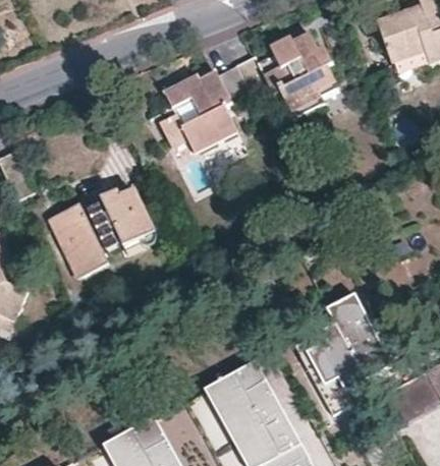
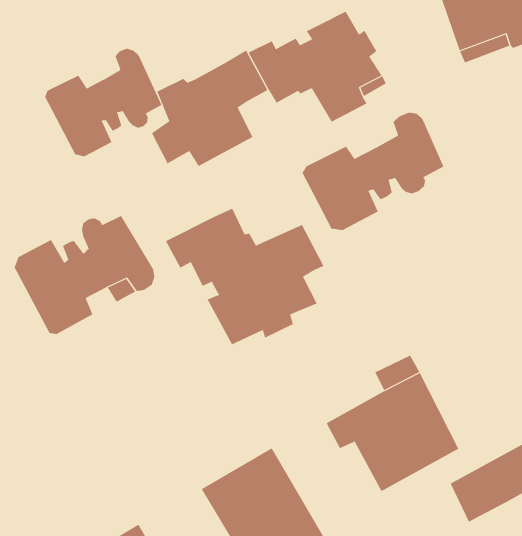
building: none -> [44,48,162,157]
building: none -> [302,112,444,231]
building: none -> [165,208,324,345]

